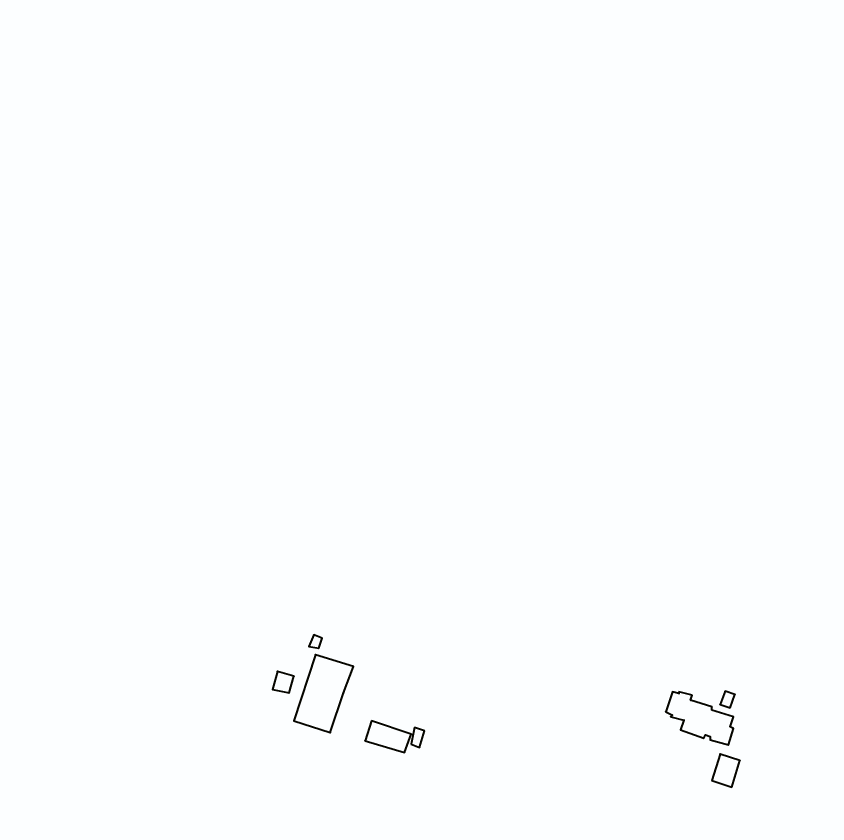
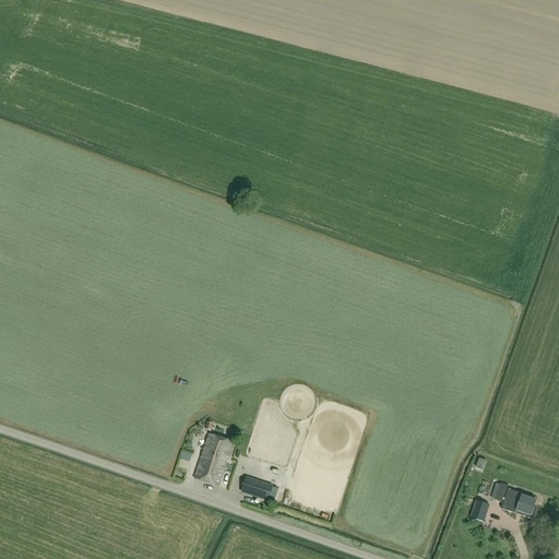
building: [666,692,733,745] -> [491,481,536,516]

